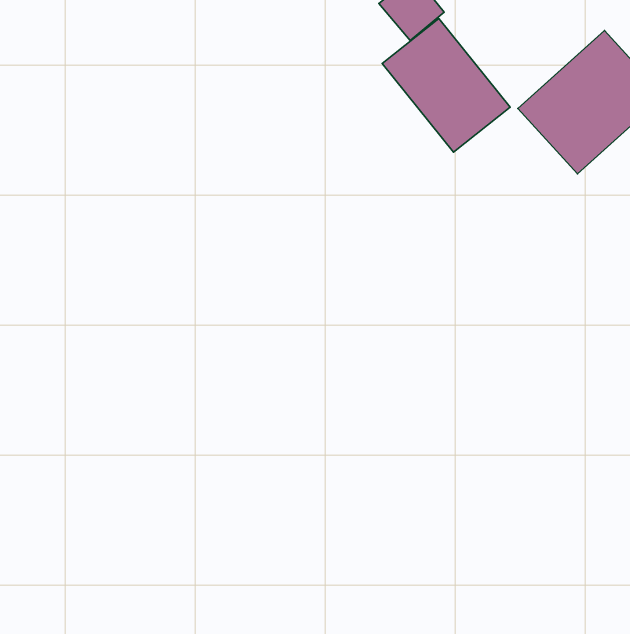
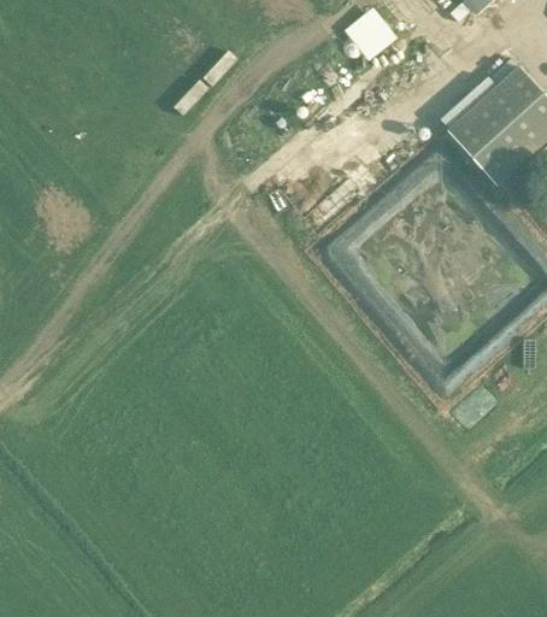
building: [382,19,510,152] -> none

